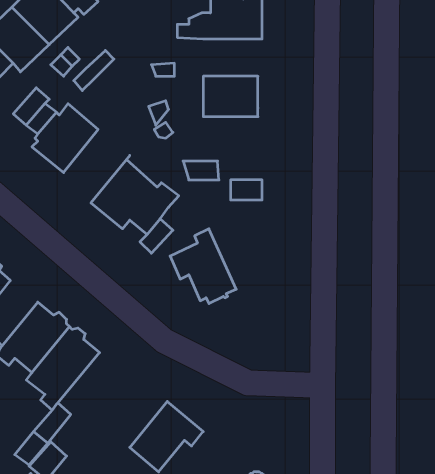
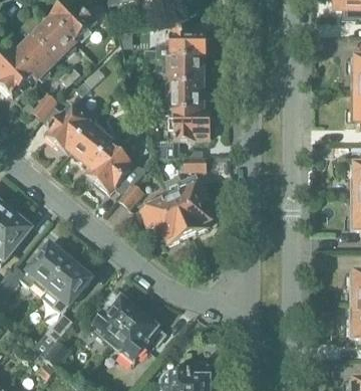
building: none -> [163,58,205,84]
building: none -> [172,107,210,140]
building: none -> [66,122,112,173]
building: none -> [163,174,209,233]
building: none -> [91,290,138,344]

